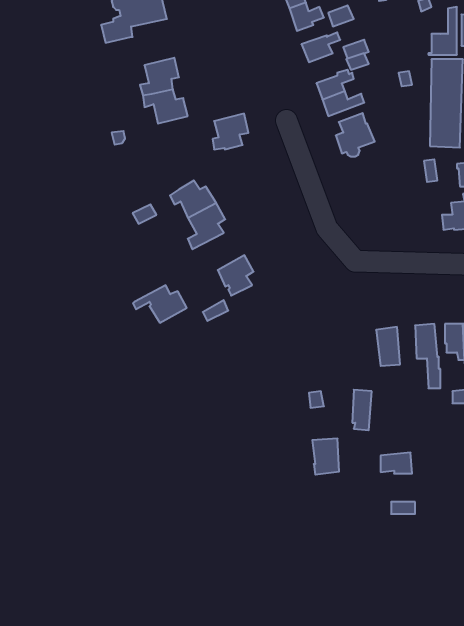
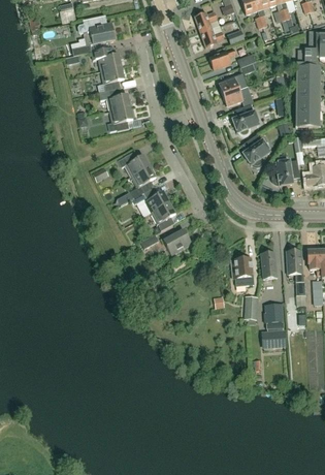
building: none -> [92,46,122,70]
building: [213,114,248,149] -> [109,105,134,130]
building: none -> [243,133,271,164]
building: none -> [274,159,300,185]
building: [133,285,187,323] -> [133,186,170,212]
building: none -> [164,227,193,254]
building: none -> [231,257,254,285]
building: [312,439,339,475] -> [265,303,284,327]

